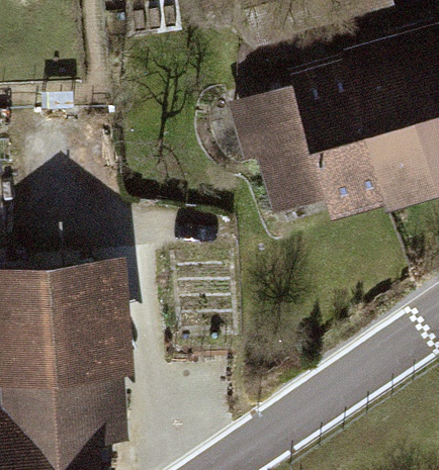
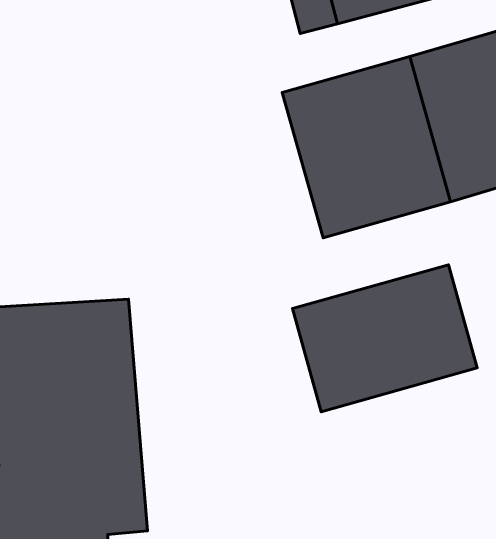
building: none -> [292,265,477,412]

